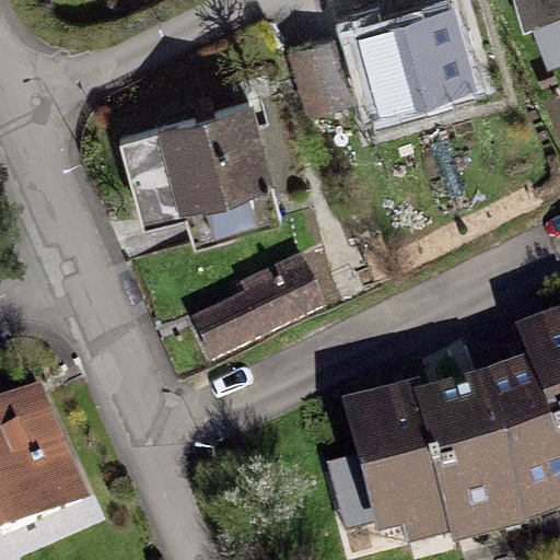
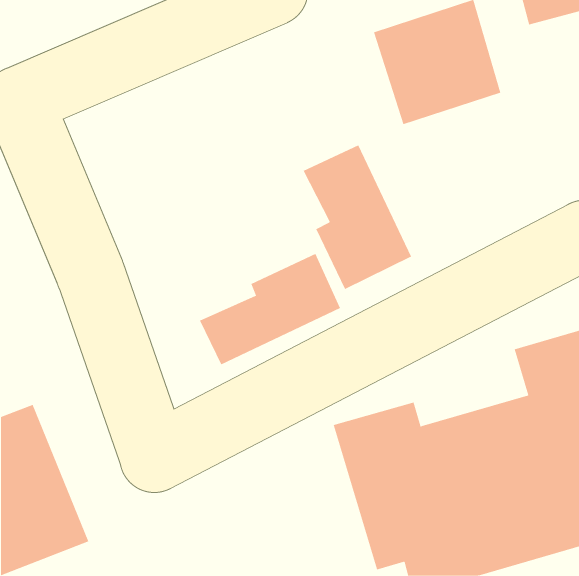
building: [138,98,264,214] -> none
building: none -> [303,144,412,290]

